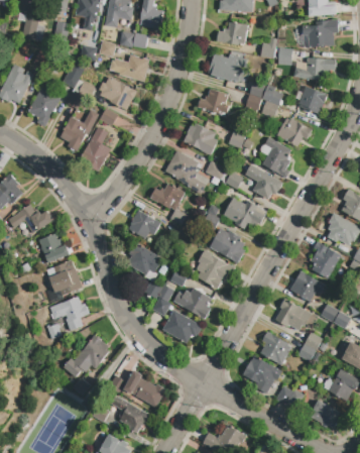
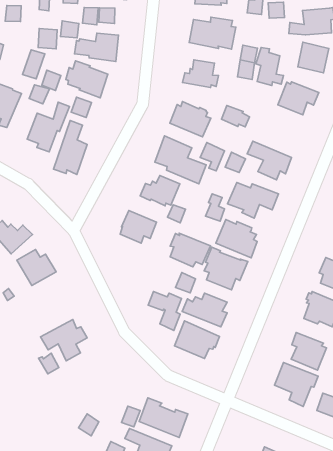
building: [262,136,290,178] -> none
building: [127,243,162,273] -> [170,233,210,267]
building: [45,260,81,295] -> none
building: [63,333,109,377] -> none

